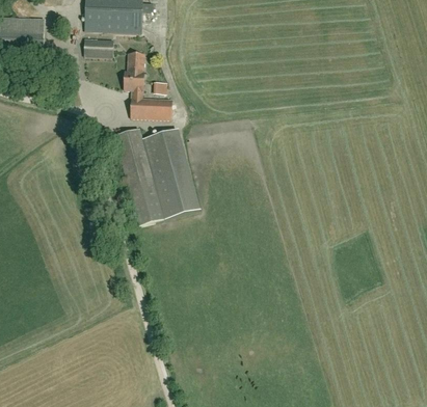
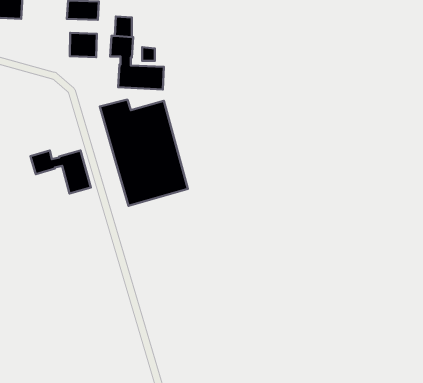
building: none -> [70,33,97,57]
building: none -> [31,150,91,194]

